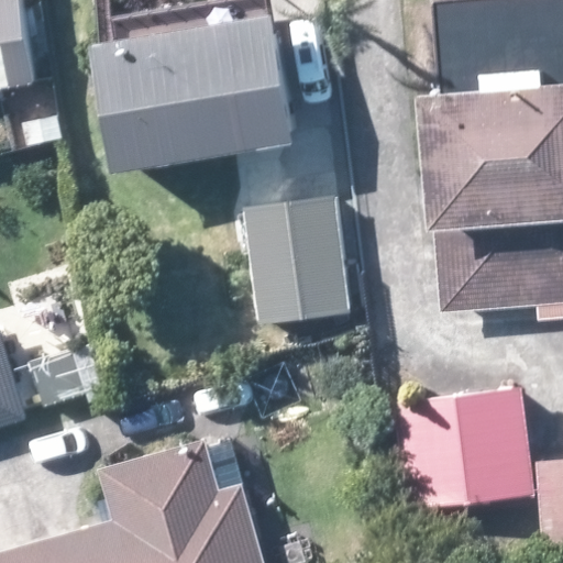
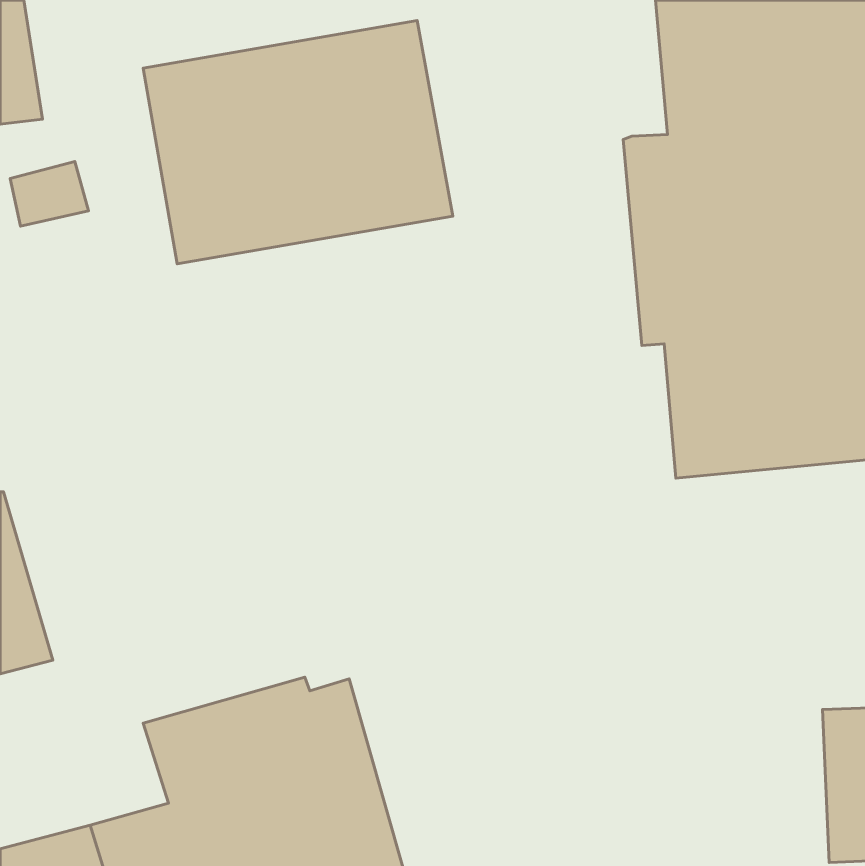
building: [257,202,354,314] -> none
building: [393,387,529,507] -> none

